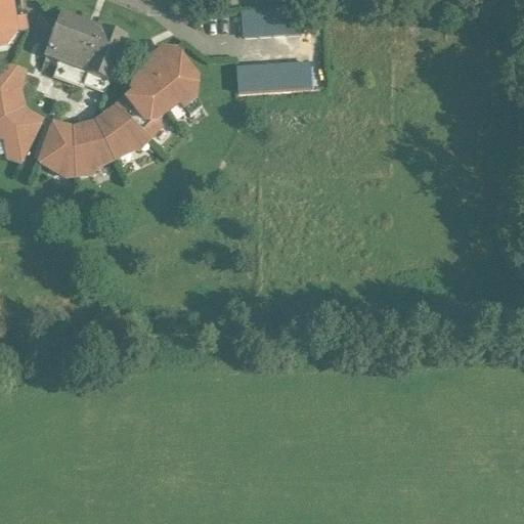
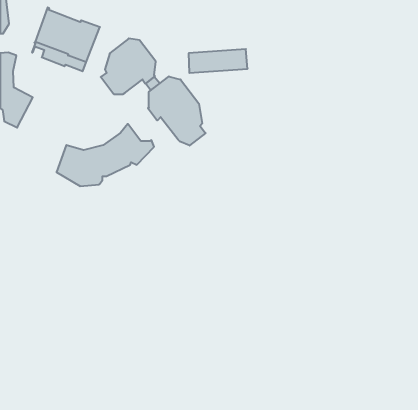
building: [242,8,302,35] -> none
building: none -> [148,76,206,146]
building: [38,96,160,174] -> [56,124,154,186]

